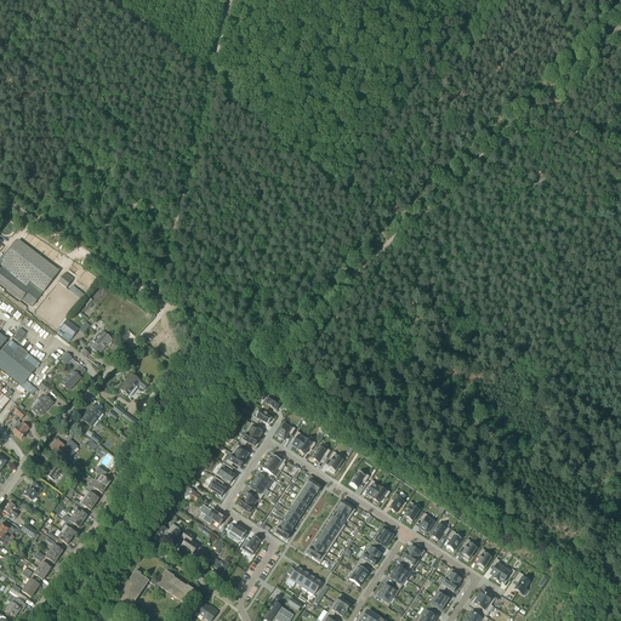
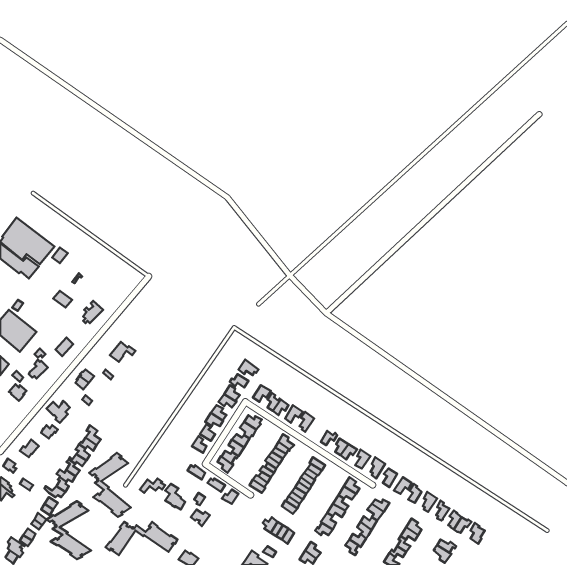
building: none -> [89,453,131,517]
building: none -> [47,501,91,559]

